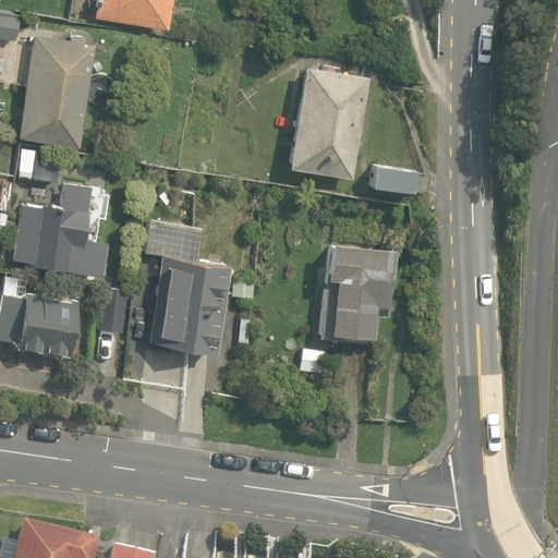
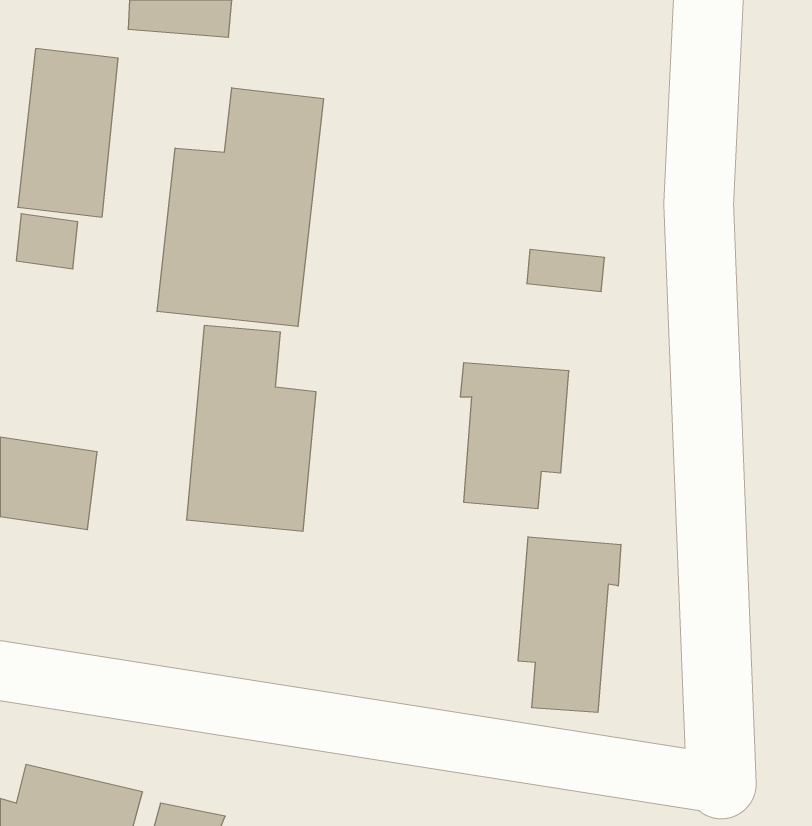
building: [288,60,368,179] -> none
building: none -> [157,88,323,327]
building: [17,180,107,278] -> none
building: none -> [518,537,621,712]

